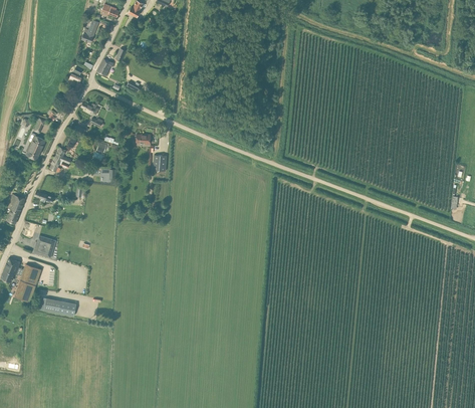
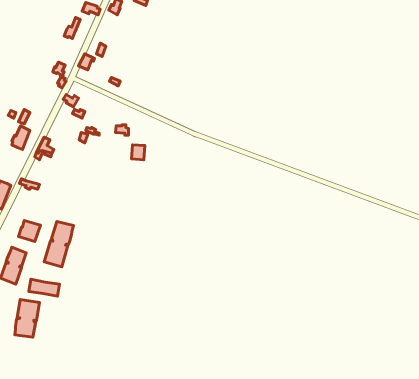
building: none -> [44,221,73,267]
building: none -> [15,300,39,337]

